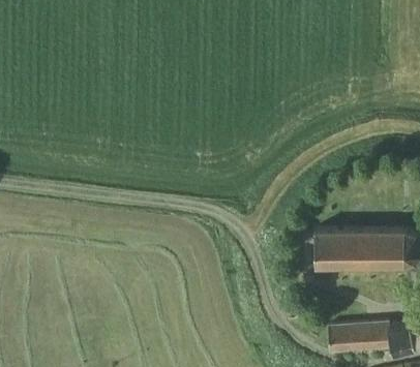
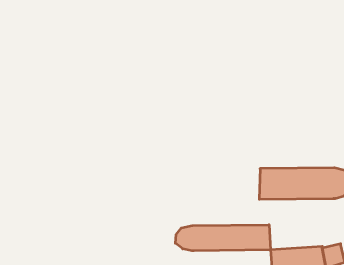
building: none -> [175,225,271,251]

